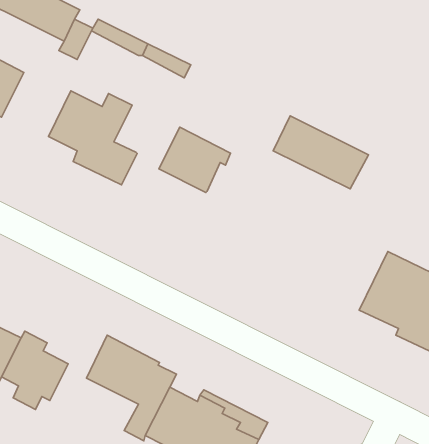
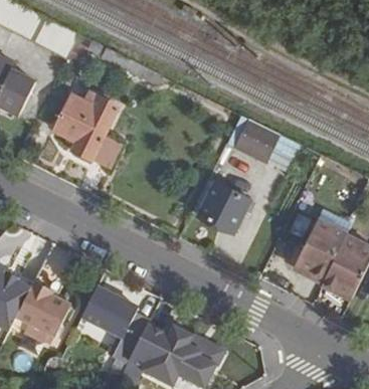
building: [159,127,231,192] -> [198,183,253,233]

